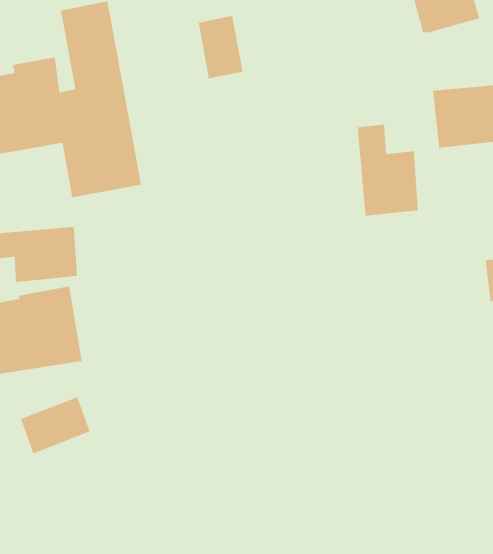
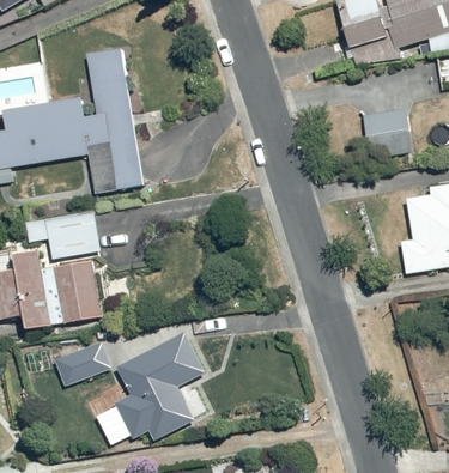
building: [198,15,243,79] -> none
building: [357,124,418,217] -> none
building: none -> [113,331,205,441]

